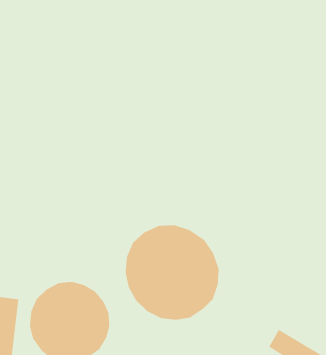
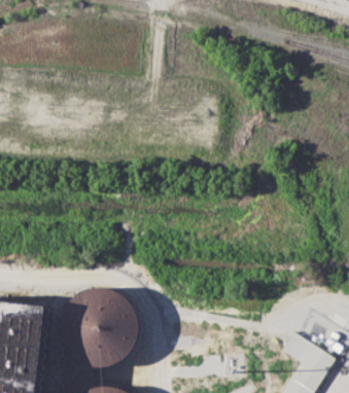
building: [125,225,219,321] -> none

